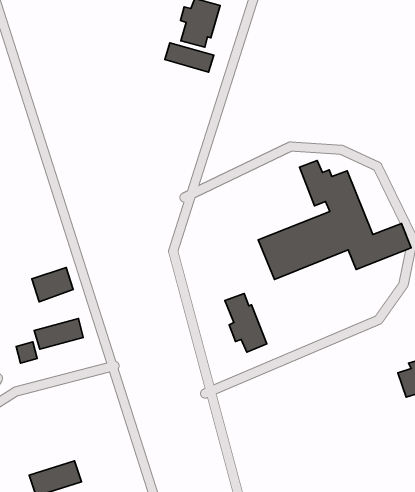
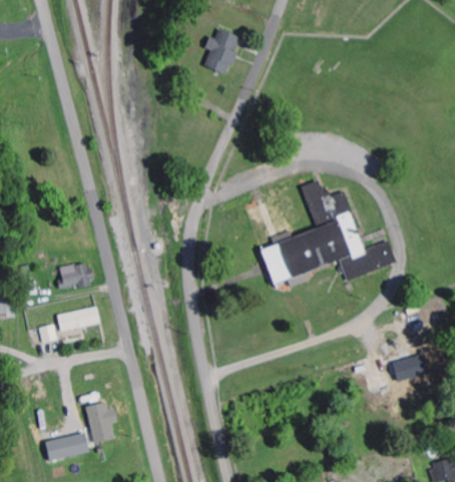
building: [165,43,214,72] -> none
building: [225,293,267,352] -> none
building: none -> [85,403,116,444]

